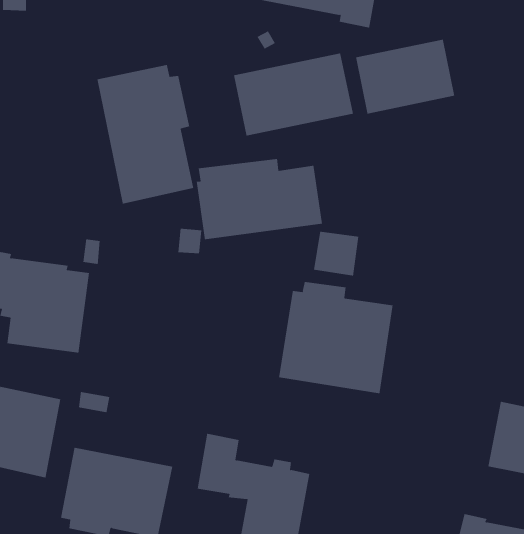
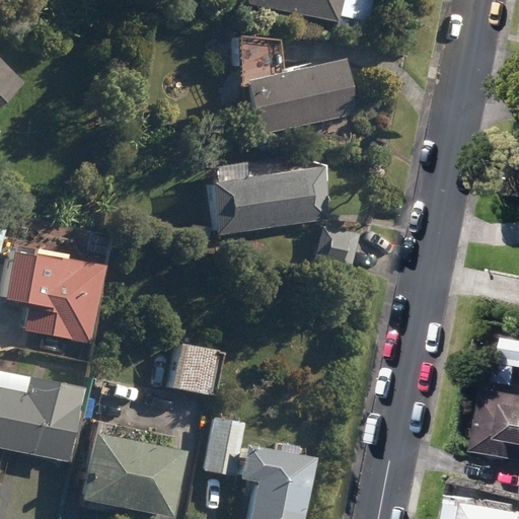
building: [355,39,455,114] -> none
building: [97,64,194,205] -> none
building: [279,281,393,394] -> none
building: none -> [170,343,222,394]

